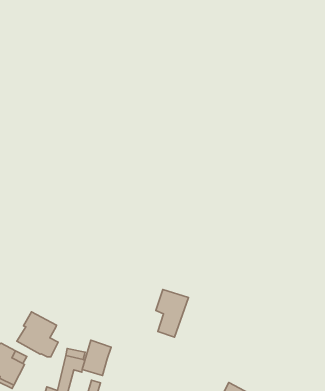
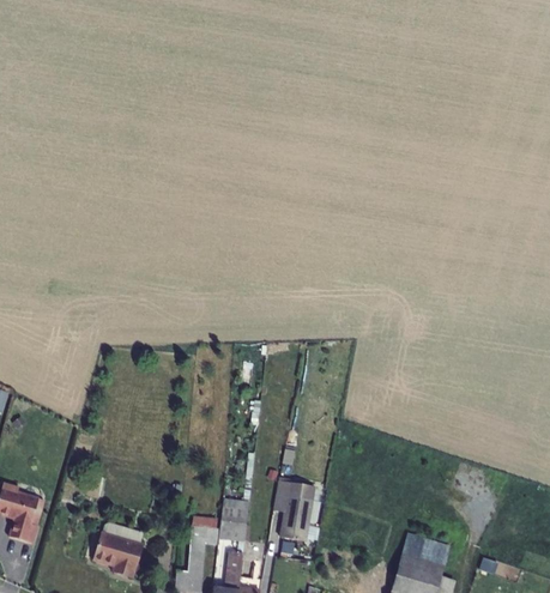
building: [156,290,189,337] -> [273,482,313,540]
building: [17,312,58,357] -> none

